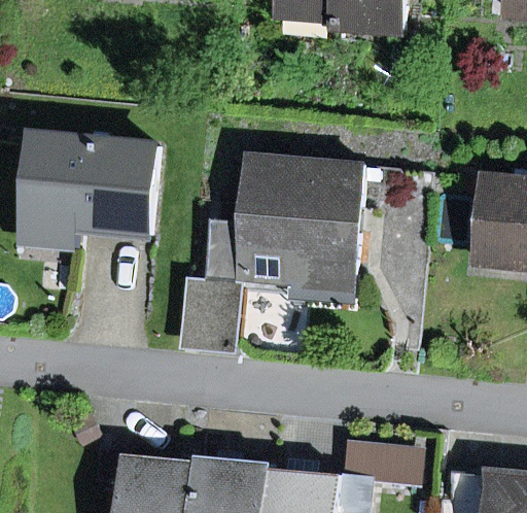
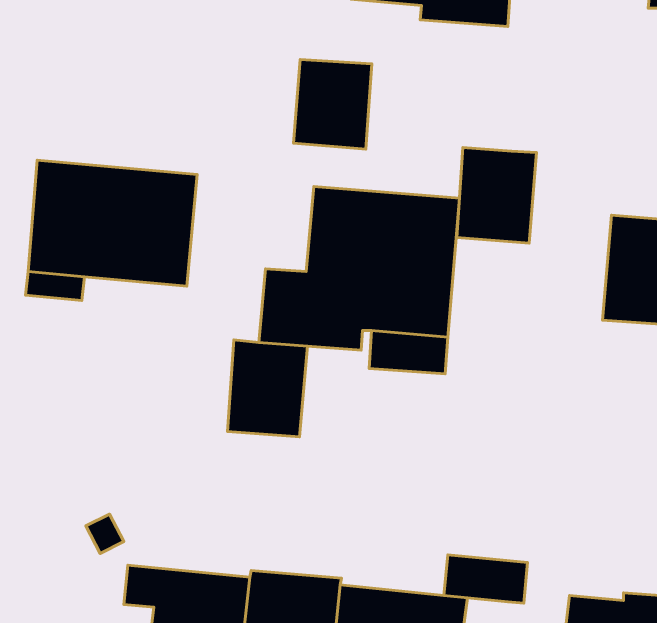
building: none -> [293,60,372,149]
building: none -> [457,148,537,243]

